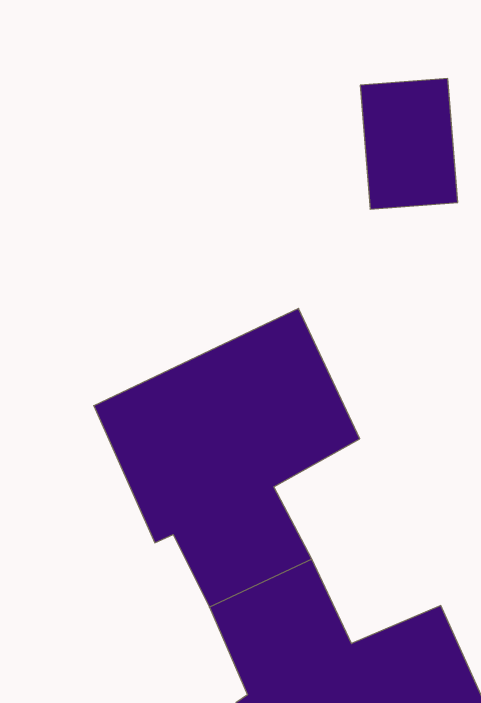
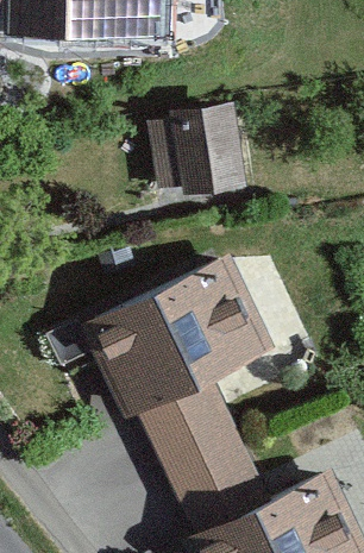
building: [360,79,458,209] -> [177,105,247,199]

